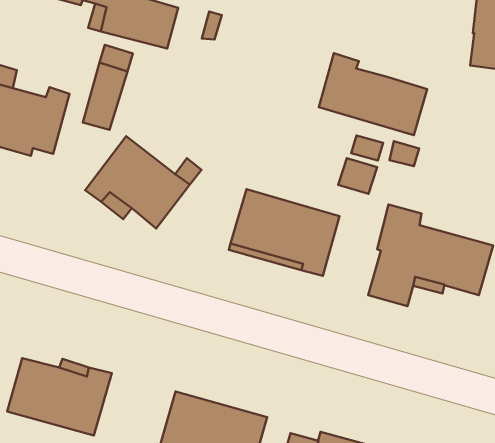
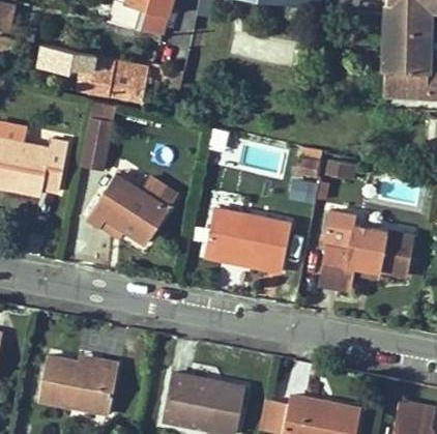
building: [319,53,427,135] -> none

